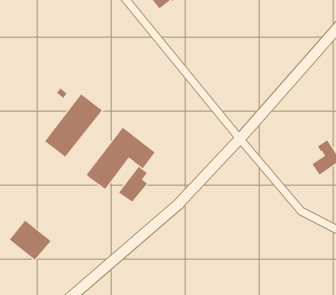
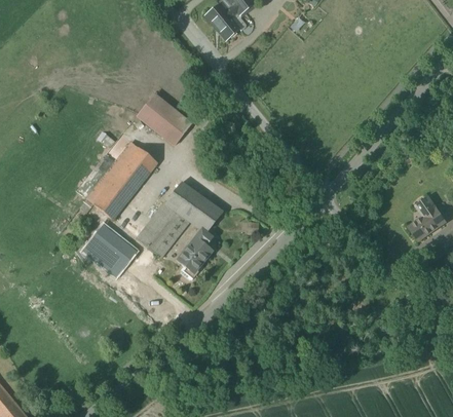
building: none -> [137,98,187,145]
building: [9,220,51,261] -> [83,225,135,274]

